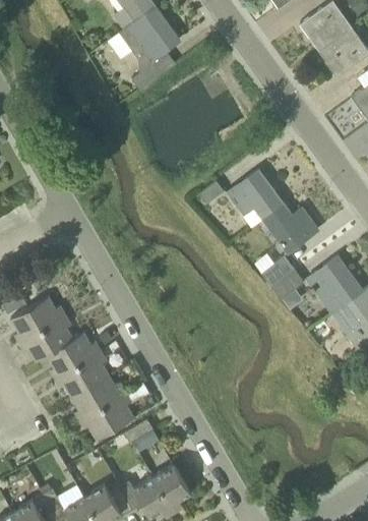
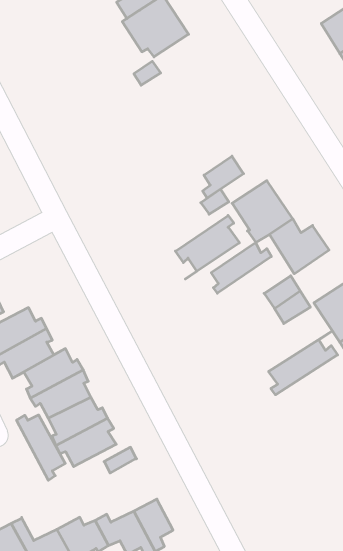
building: none -> [203,156,244,198]
building: none -> [175,215,239,279]
building: none -> [211,242,271,293]
building: none -> [269,331,338,395]
building: none -> [17,415,65,480]

